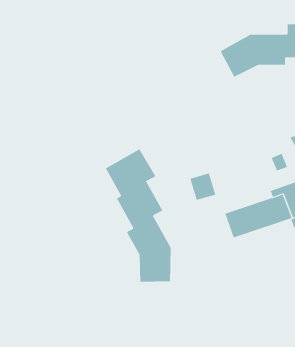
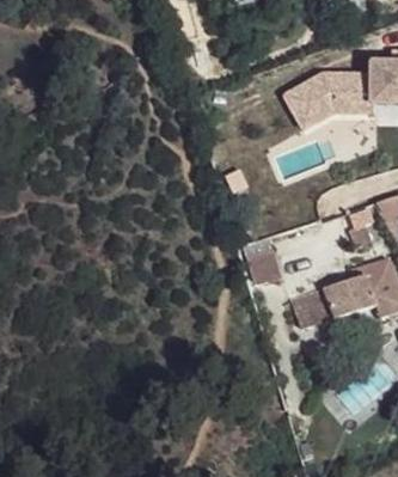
building: [105,149,171,282] -> none

